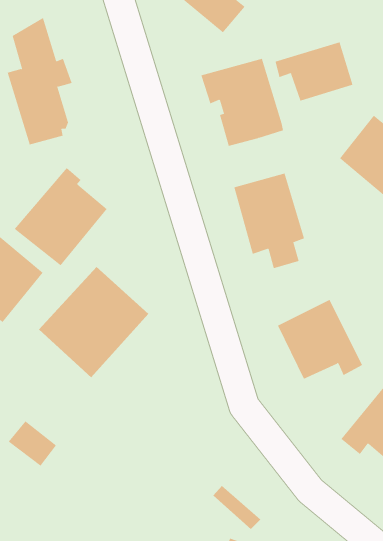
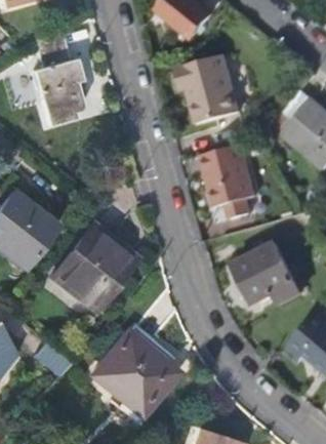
building: [275,42,353,102] -> none
building: [14,167,107,266] -> none
building: none -> [91,328,178,414]

